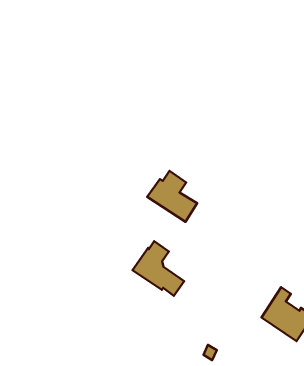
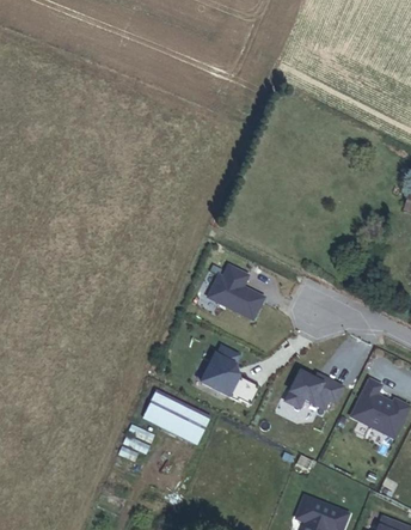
building: none -> [143,388,210,441]
building: none -> [286,373,342,410]

